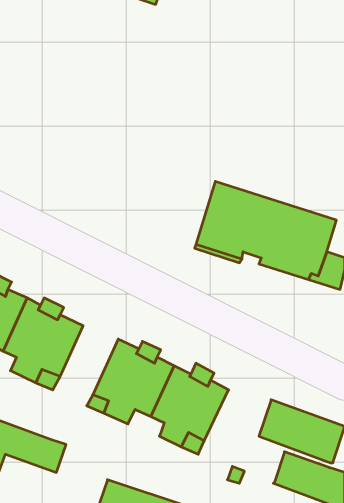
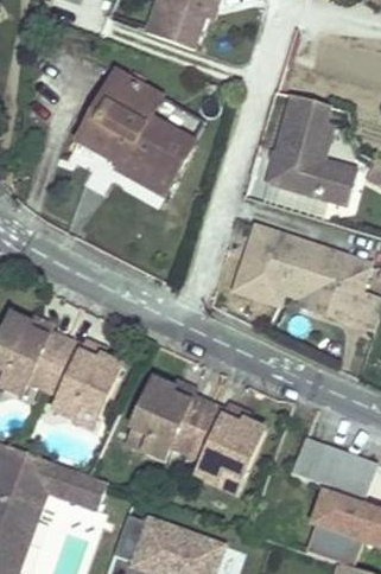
building: none -> [78,72,192,193]
building: none -> [268,94,358,205]

